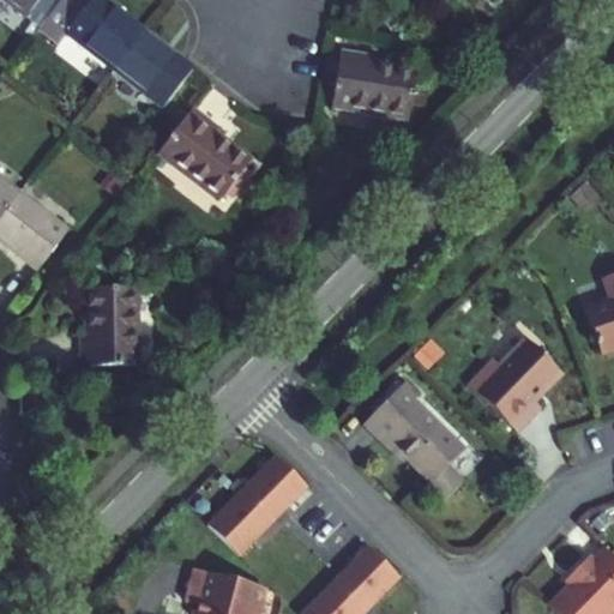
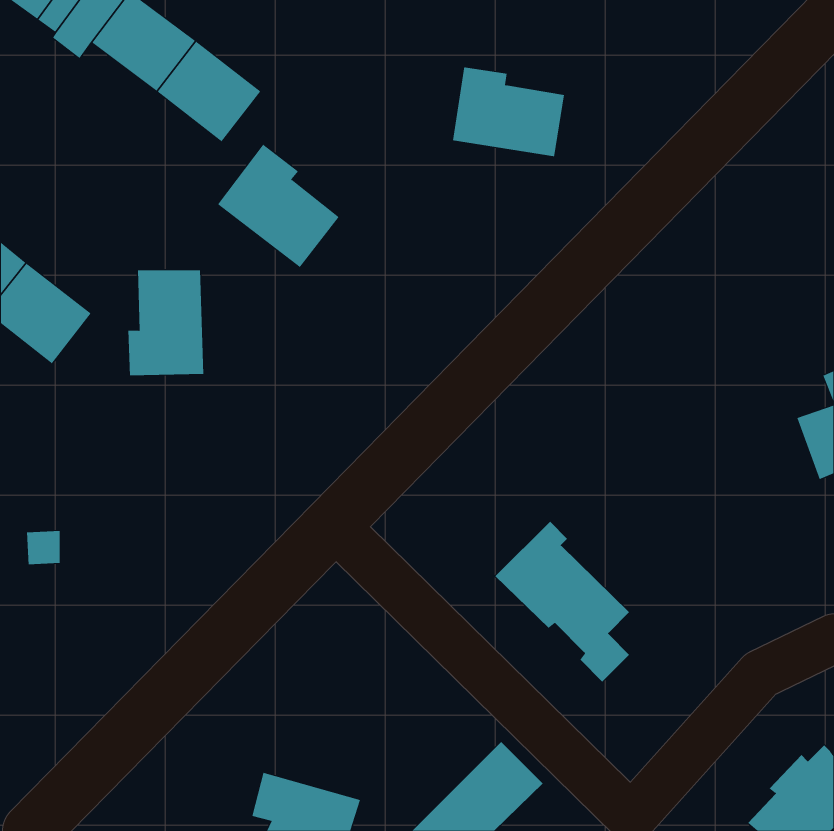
building: [80,288,137,366] -> [127,270,204,376]
building: [470,337,562,431] -> none
building: [207,455,307,554] -> none

